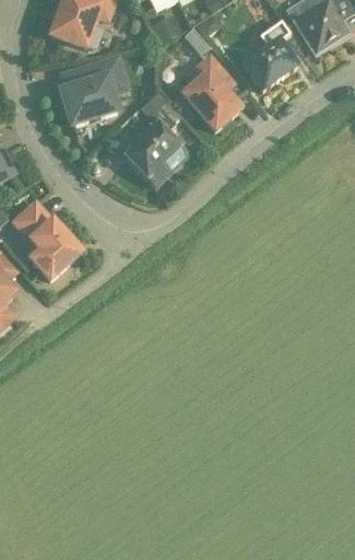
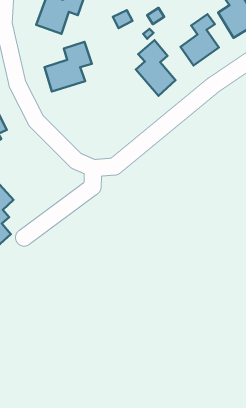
building: [123,91,180,186] -> none
building: [15,203,79,279] -> none

